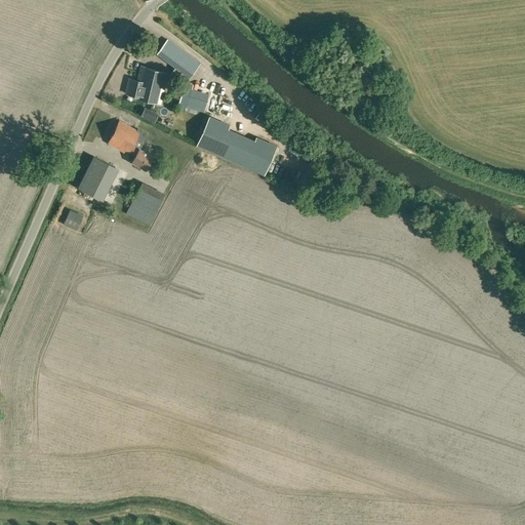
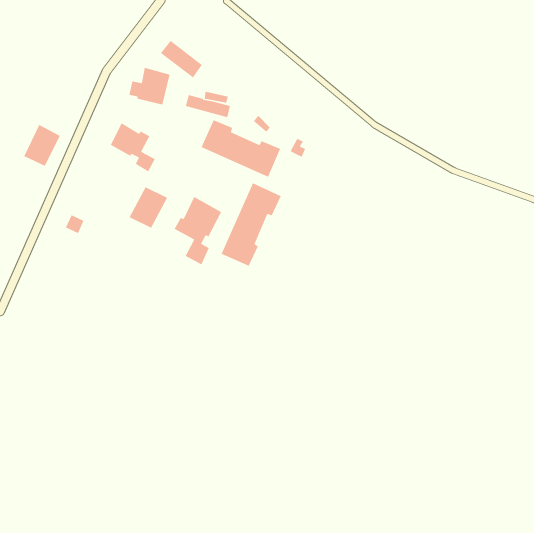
building: [78,157,115,199] -> [23,124,61,167]
building: none -> [221,182,282,267]
building: none -> [173,196,222,266]

